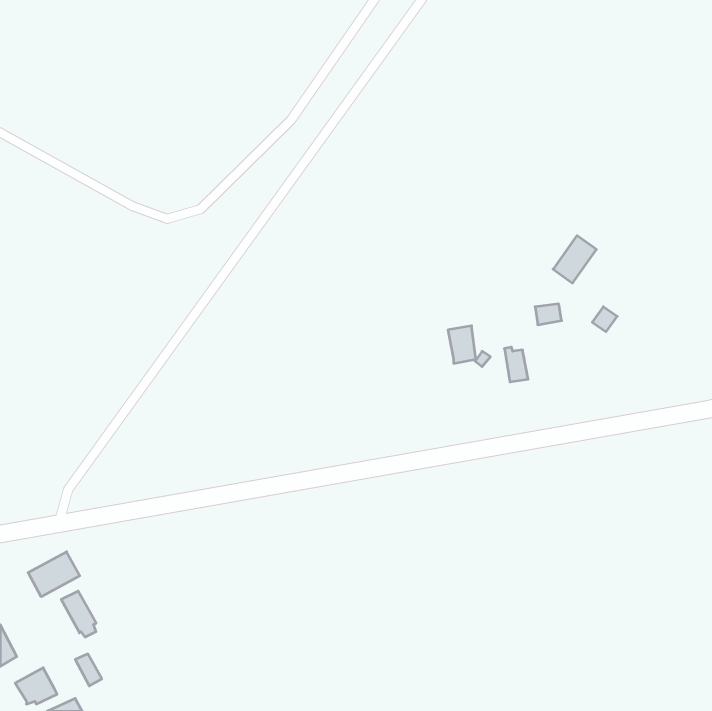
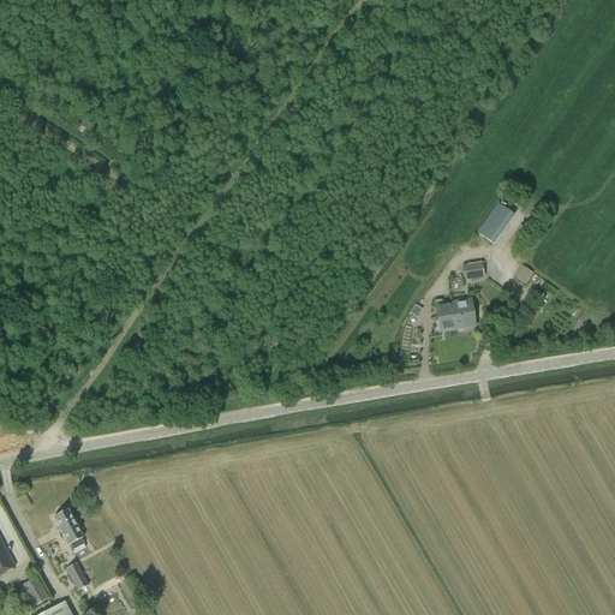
building: [448,326,476,363] -> [450,298,474,330]
building: [28,552,80,597] -> none

